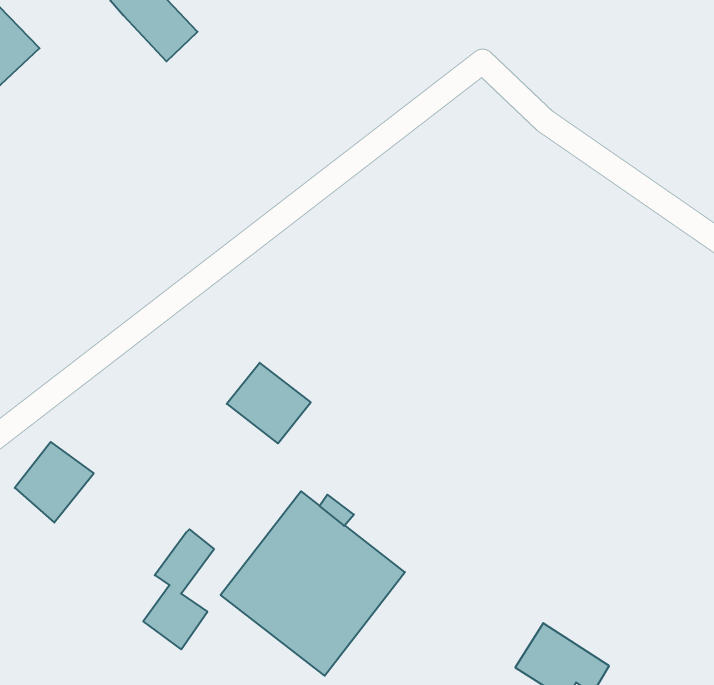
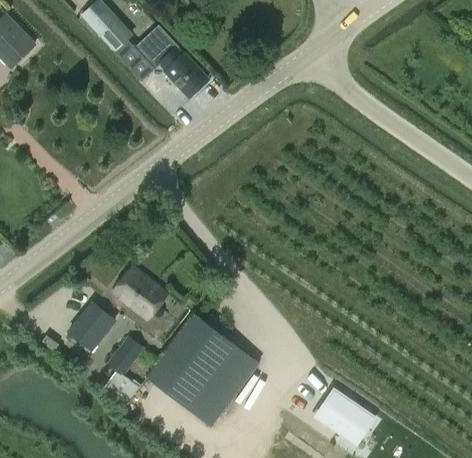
building: none -> [135,25,208,98]
building: [227,363,311,443] -> [113,268,164,317]
building: [15,442,94,523] -> [68,303,116,352]

